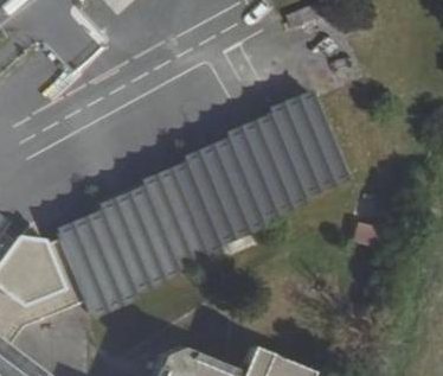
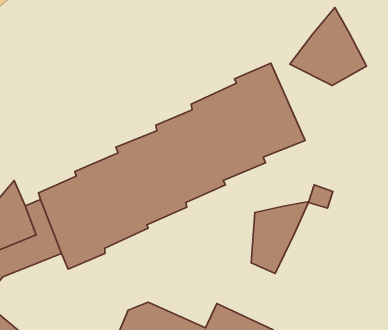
building: none -> [290,7,367,86]
building: none -> [251,202,309,273]

